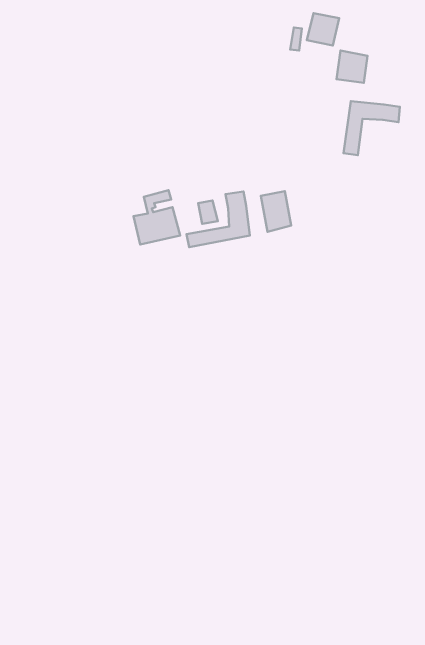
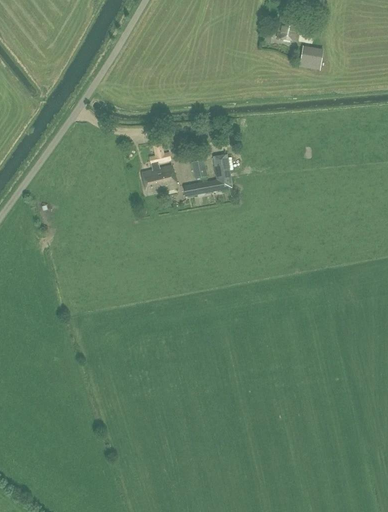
building: [343,101,400,155] -> none
building: [261,191,291,232] -> none

